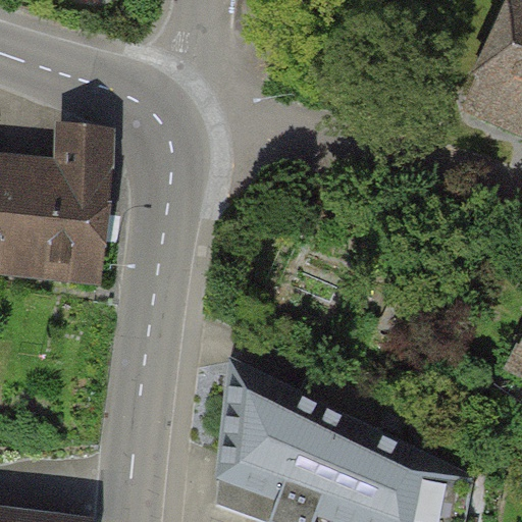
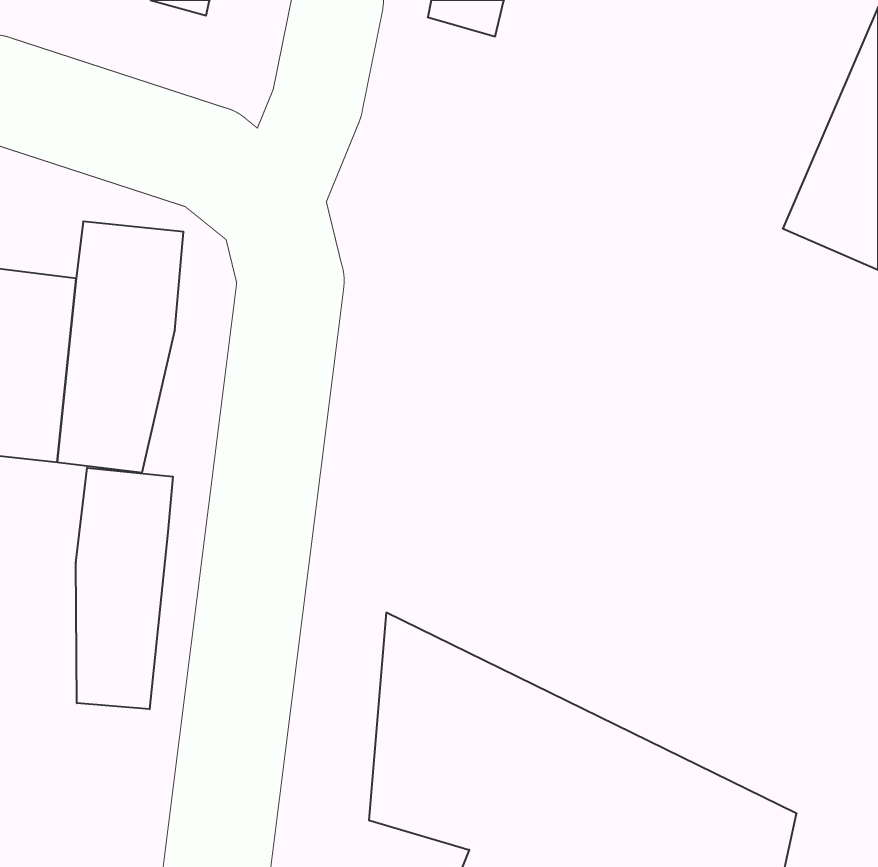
building: none -> [76,468,173,709]

